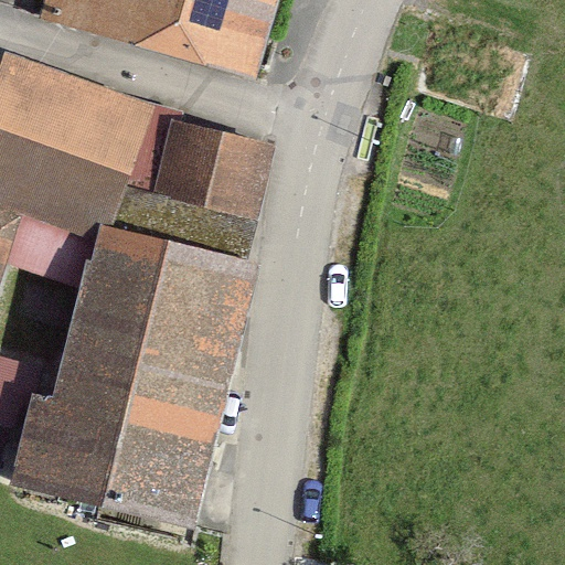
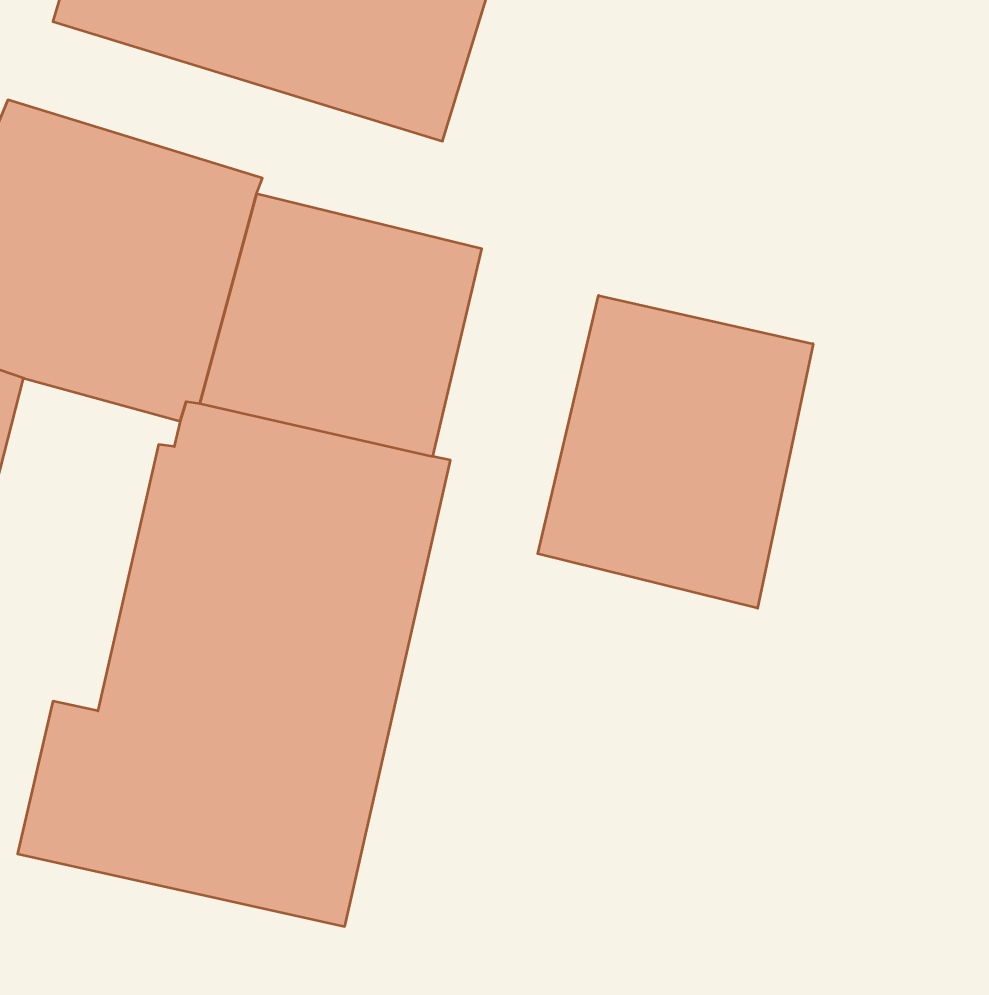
building: none -> [538,295,813,608]

